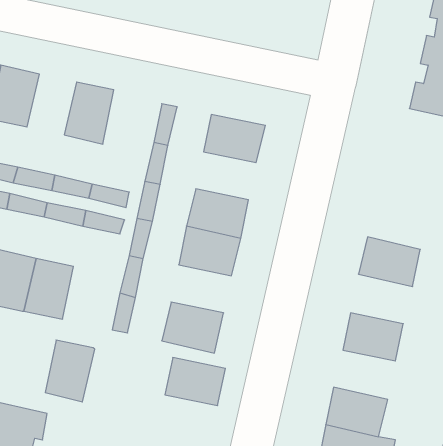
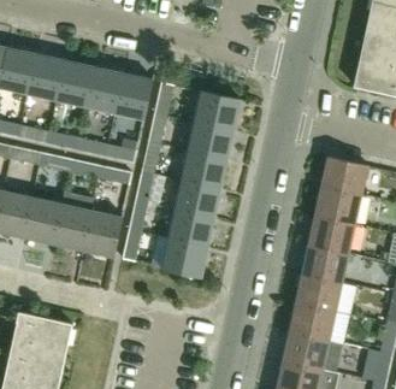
building: none -> [57,59,95,106]
building: none -> [116,71,153,119]
building: none -> [188,119,235,157]
building: none -> [321,155,368,195]
building: none -> [308,214,356,253]
building: [45,340,95,402] -> [84,208,123,257]
building: none -> [295,273,343,312]
building: [165,358,225,406] -> [169,207,215,244]

